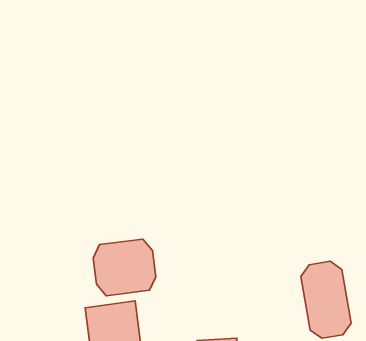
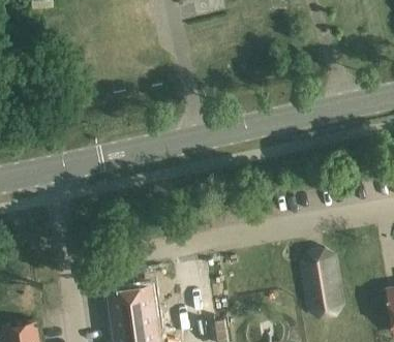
building: [93,239,156,296] -> none

